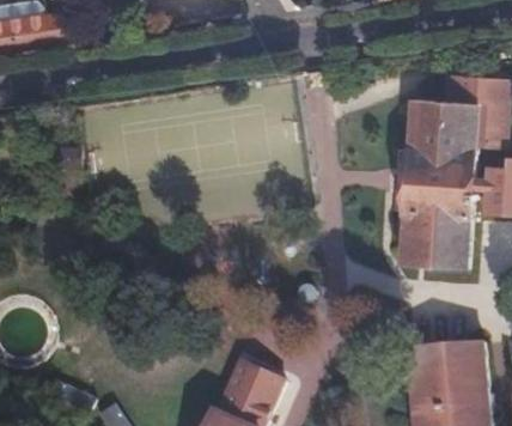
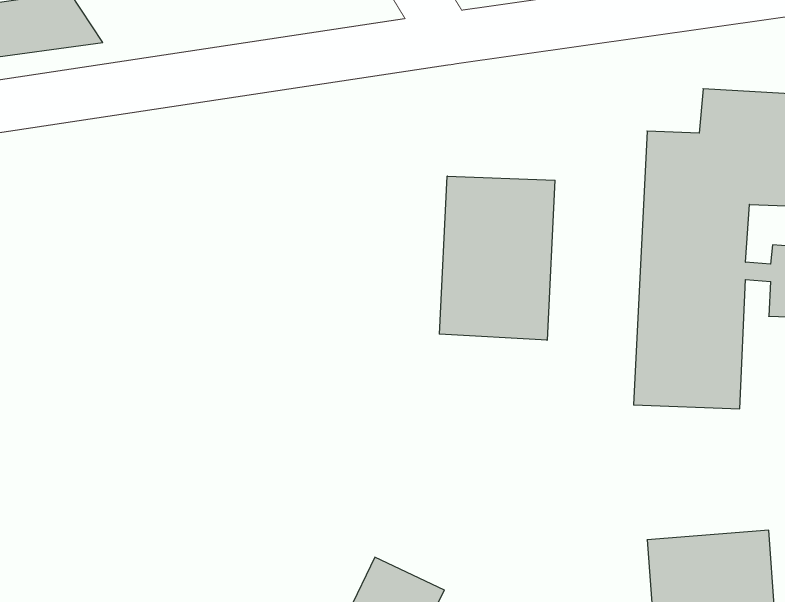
building: none -> [439,176,555,340]

